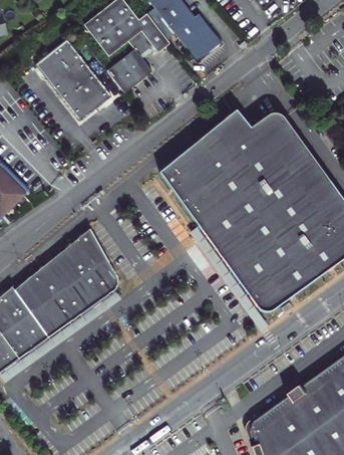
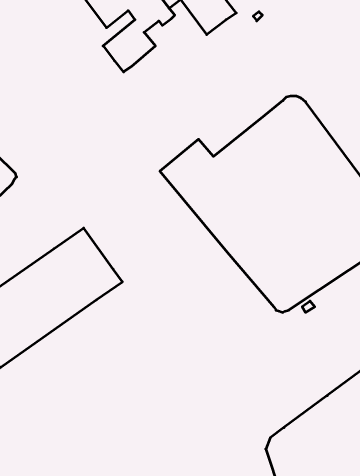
building: [30,38,105,120] -> none
building: [191,118,249,170] -> none

